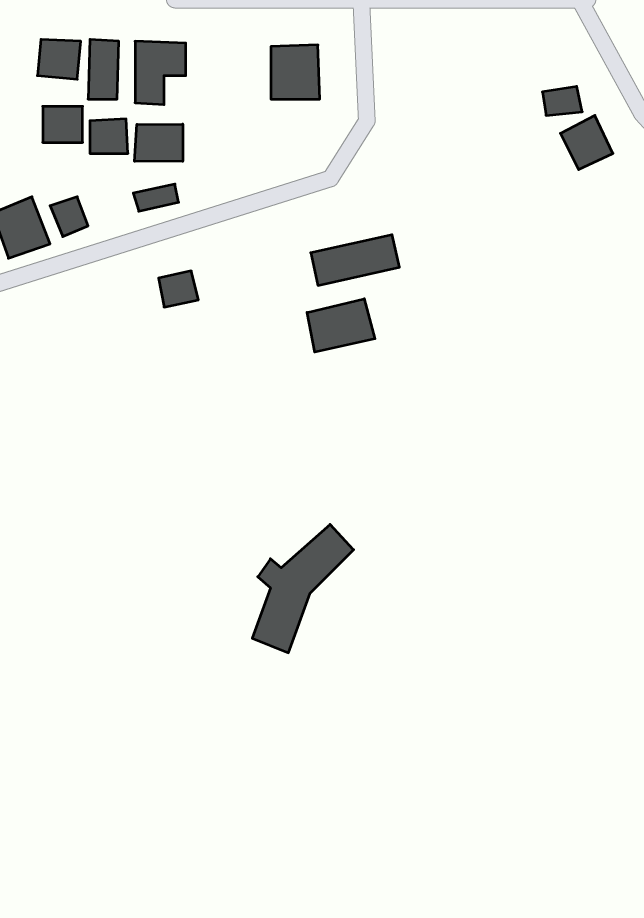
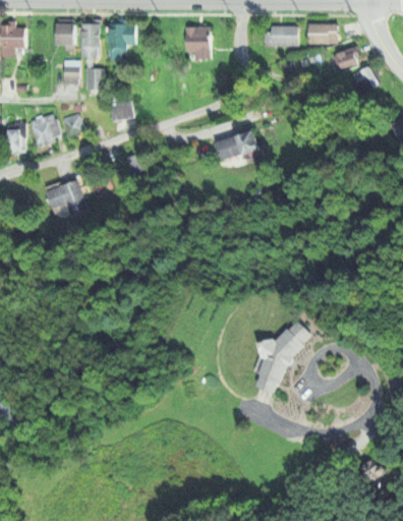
building: none -> [307,23,337,43]
building: none -> [271,27,297,45]
building: [135,124,183,161] -> none
building: [307,299,375,352] -> none
building: none -> [42,183,85,222]
building: [252,524,354,653] -> [257,321,314,393]

